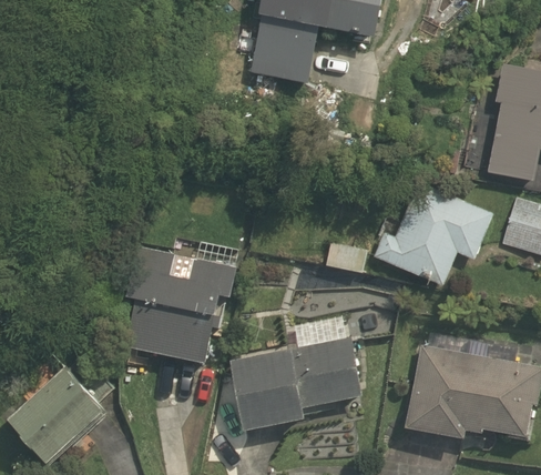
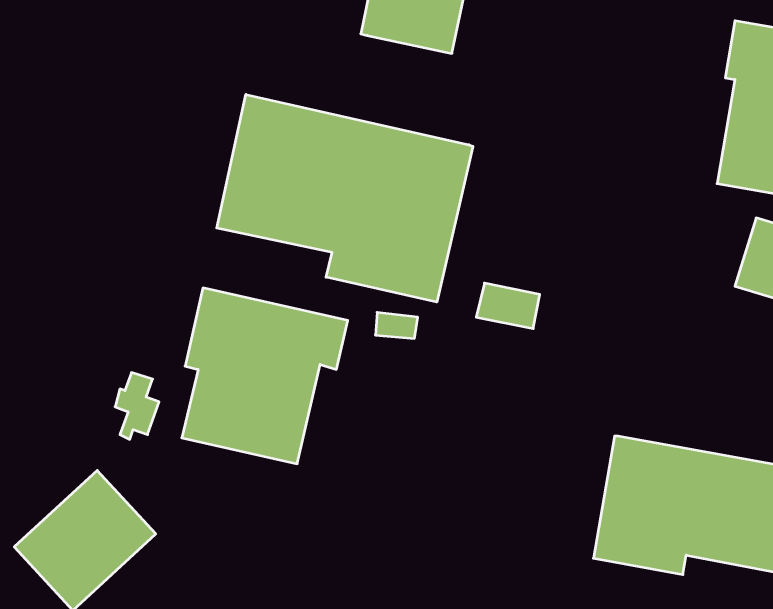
building: none -> [217,94,473,302]
building: [372,181,494,286] -> none
building: [232,337,363,432] -> none

